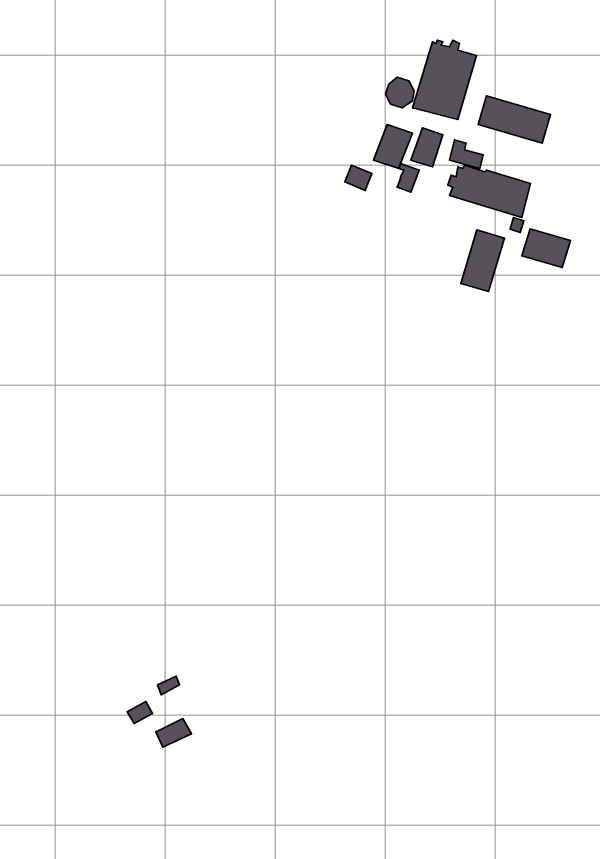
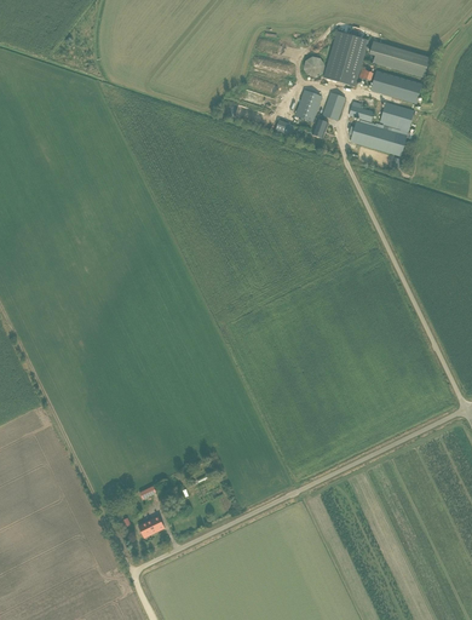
building: none -> [368,41,428,78]
building: [522,229,571,268] -> [379,102,414,130]
building: [461,230,505,292] -> none

